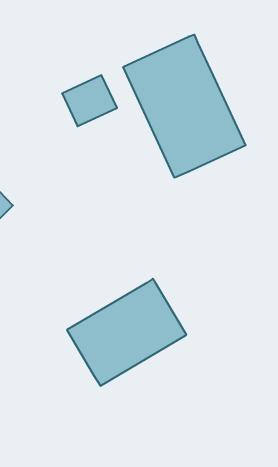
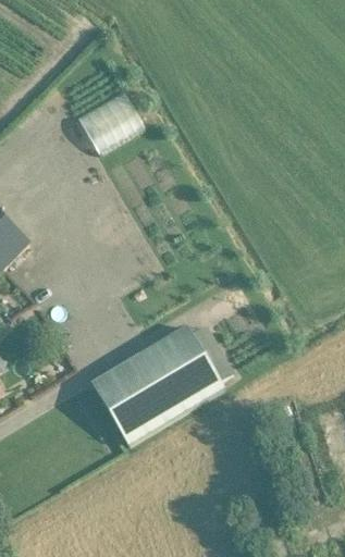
building: [123,35,246,178] -> none

